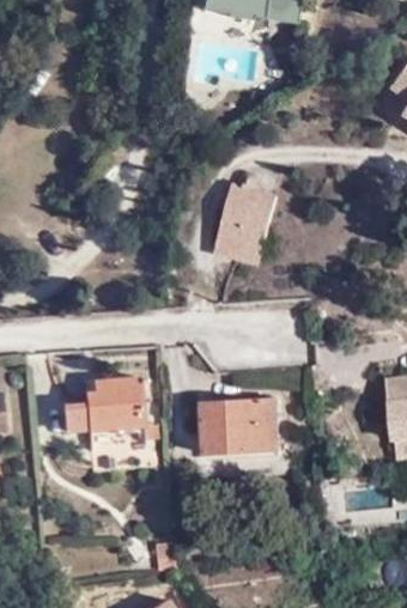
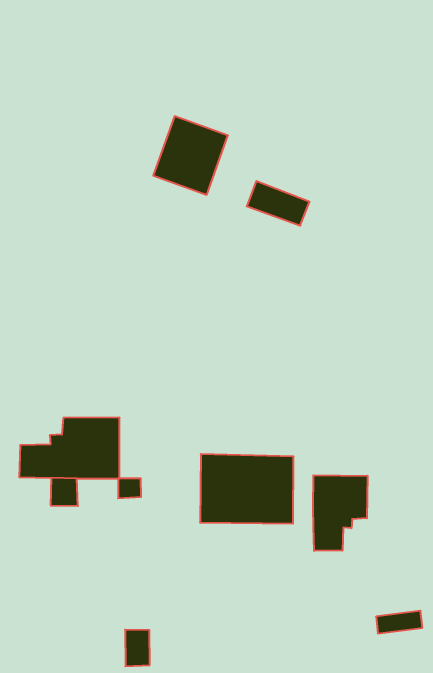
building: [212,203,268,263] -> [153,116,228,195]
building: none -> [313,475,368,551]

